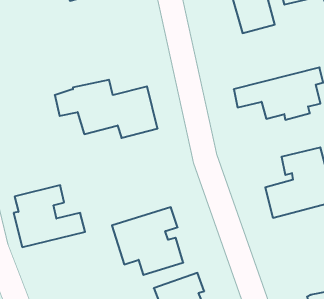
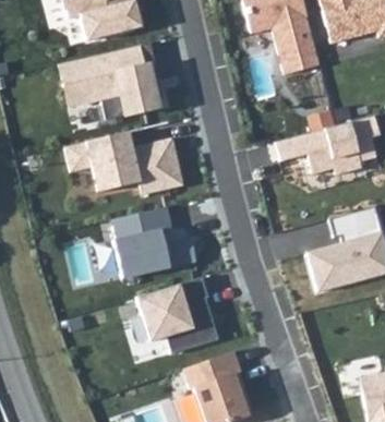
building: none -> [59,44,165,118]
building: [14,185,85,247] -> [110,207,192,278]

